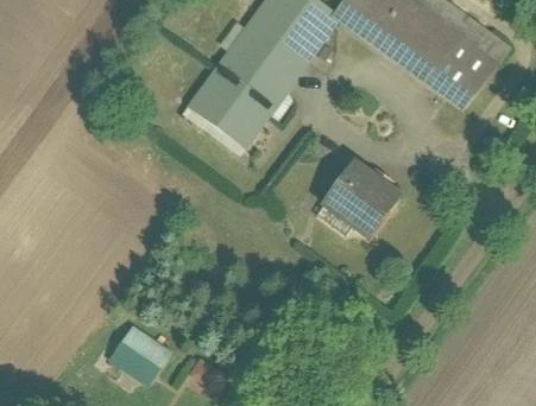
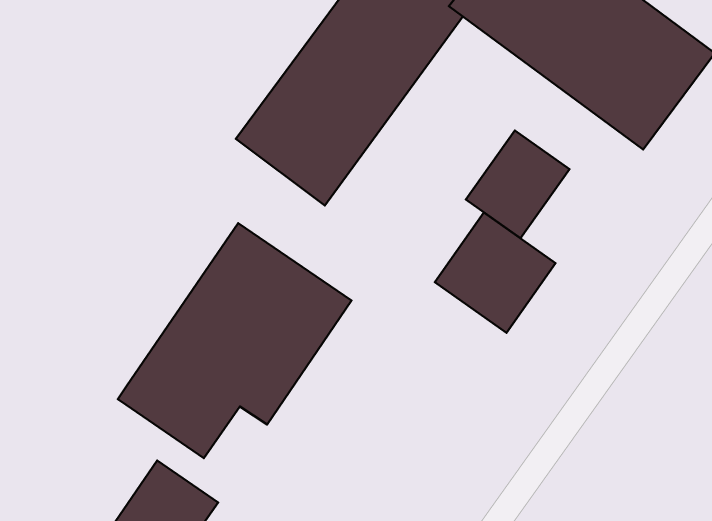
building: none -> [466,131,570,238]
building: none -> [118,223,352,458]

